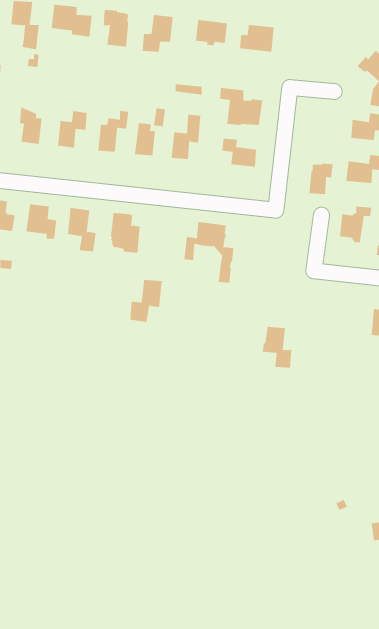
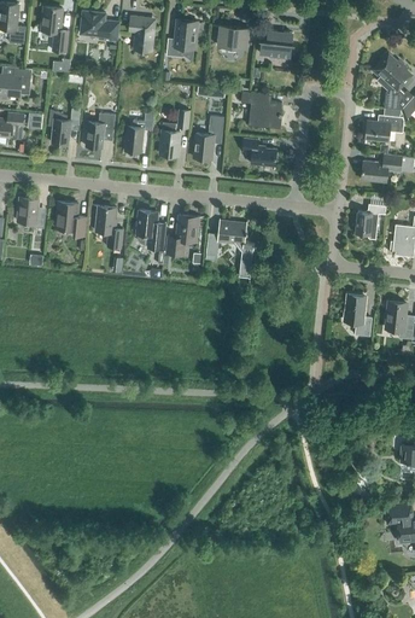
building: [309,163,333,195] -> none
building: [130,280,162,322] -> [166,215,198,256]
building: [262,327,292,368] -> [343,296,372,336]

